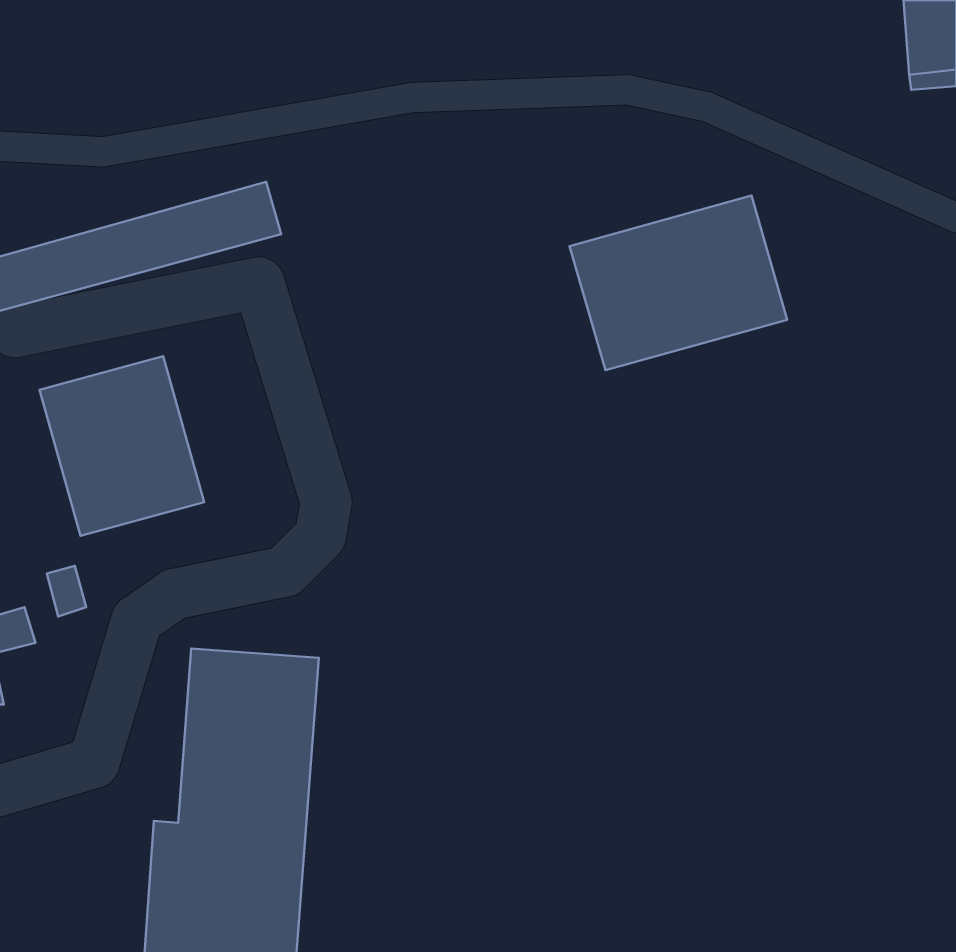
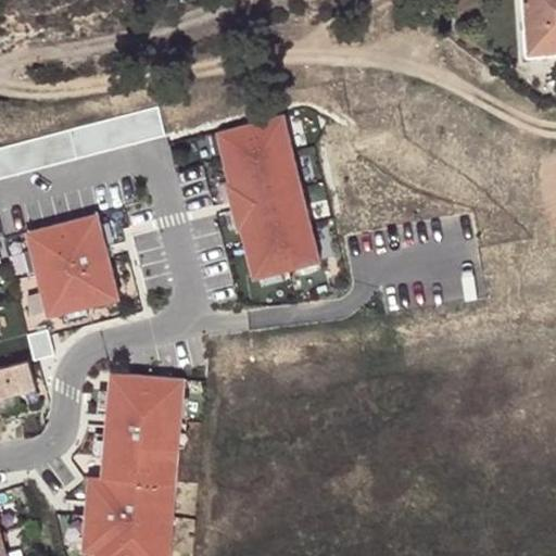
building: none -> [213,116,319,279]
building: [569,196,787,370] -> none

